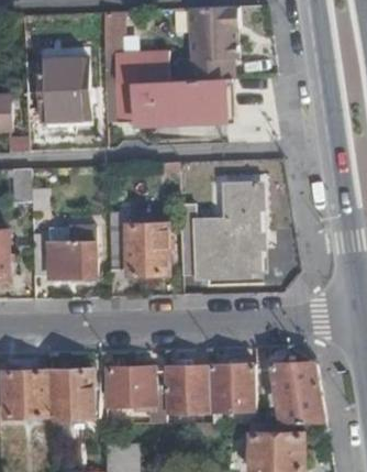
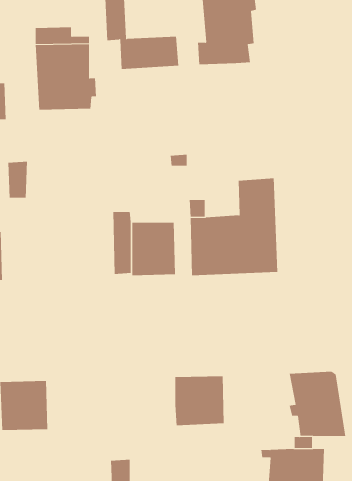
building: [116,79,225,125] -> none
building: [32,228,96,278] -> none
building: [211,365,257,411] -> none
building: [110,369,168,424] -> none
building: [55,371,101,419] -> none

